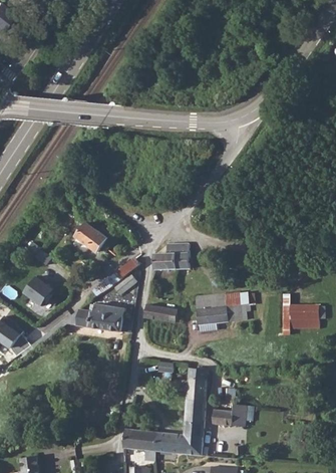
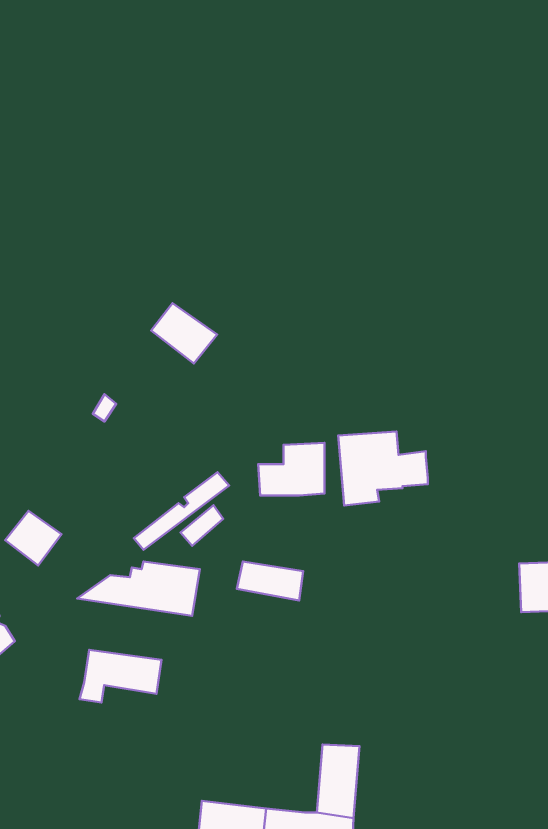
building: [75,222,109,253] -> [151,303,217,364]
building: [196,293,242,331] -> [338,432,428,506]
building: none -> [80,650,162,702]
building: [188,367,209,399] -> none
building: [213,401,253,426] -> none

